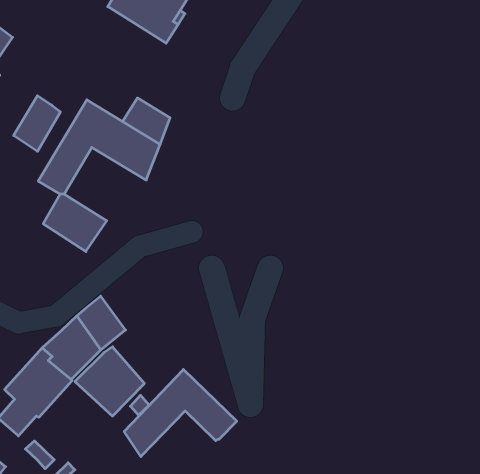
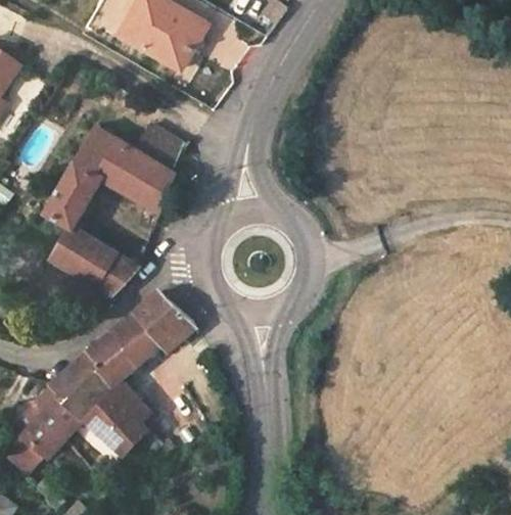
building: [14,96,60,151] -> none
building: none -> [95,253,137,294]
building: none -> [110,292,194,366]
building: [124,369,237,457] -> none

